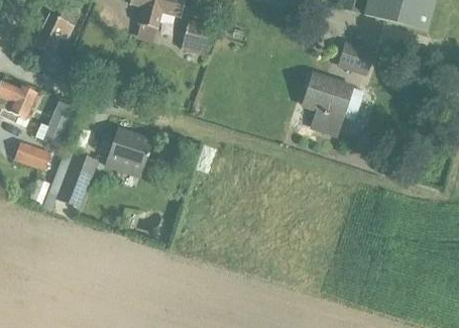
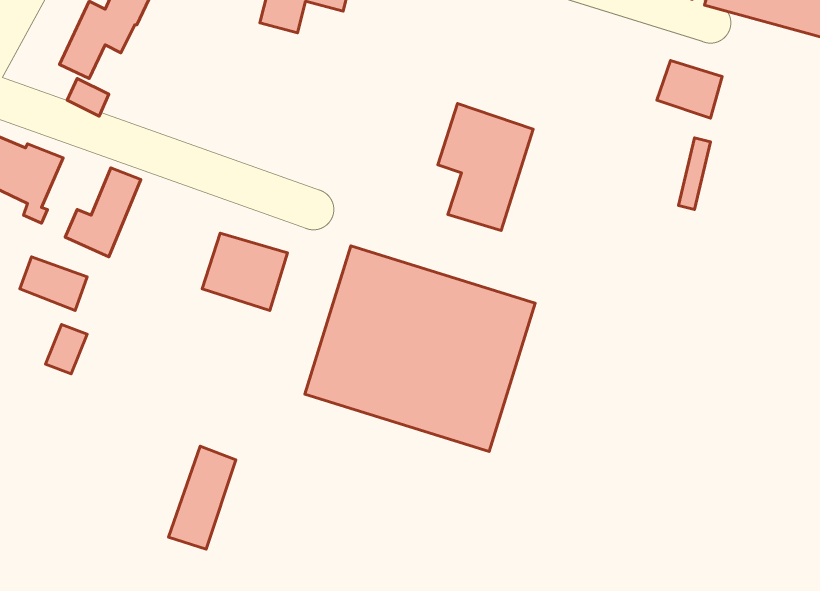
building: [180,19,213,56] -> none
building: [304,72,352,136] -> [438,104,533,230]
building: none -> [305,246,535,451]
building: [61,154,95,207] -> [168,446,236,549]

